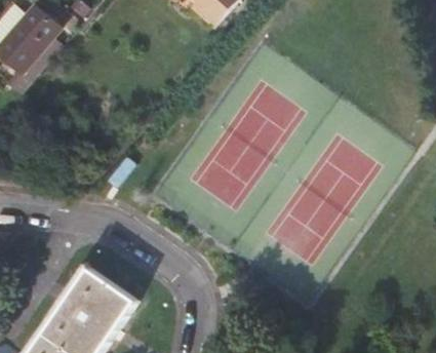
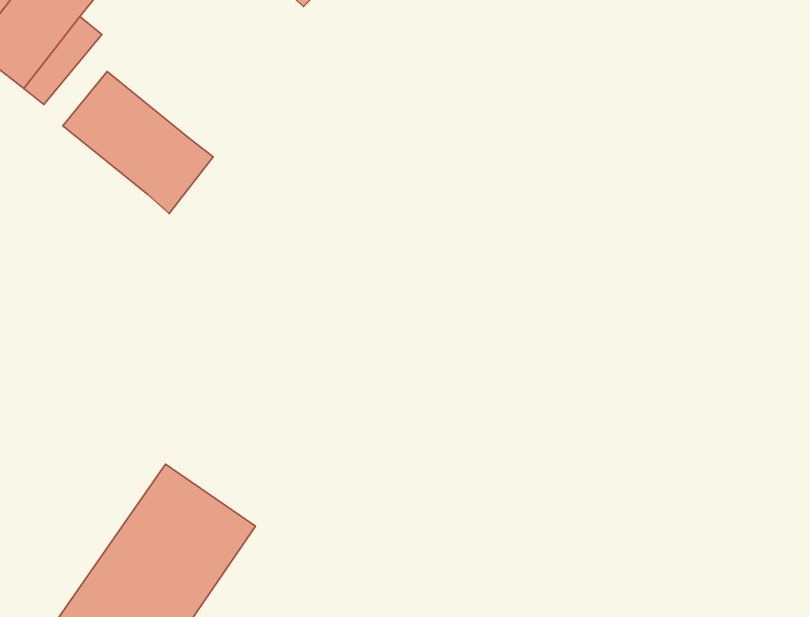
building: none -> [63,72,213,213]

